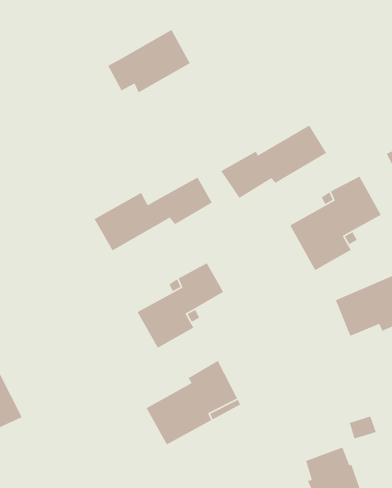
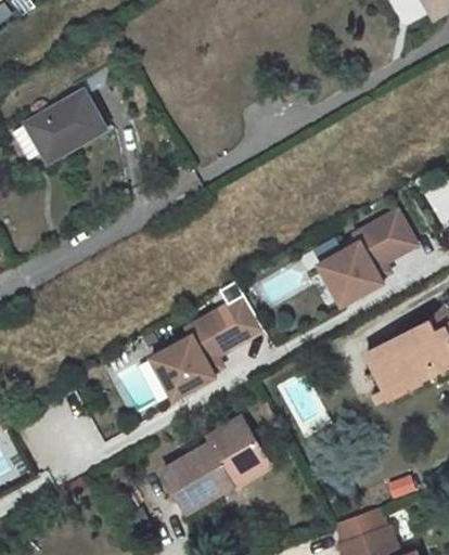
building: [107,29,191,94] -> [14,88,105,158]
building: [220,124,327,199] -> none
building: [94,177,213,251] -> none

